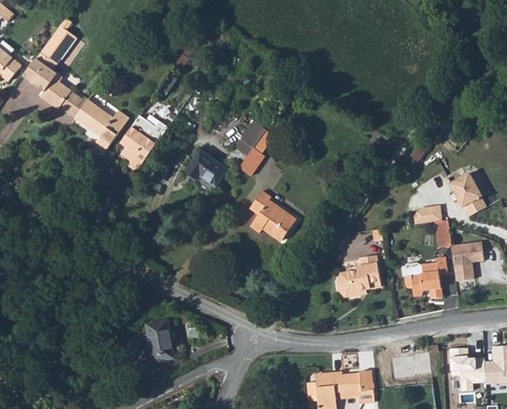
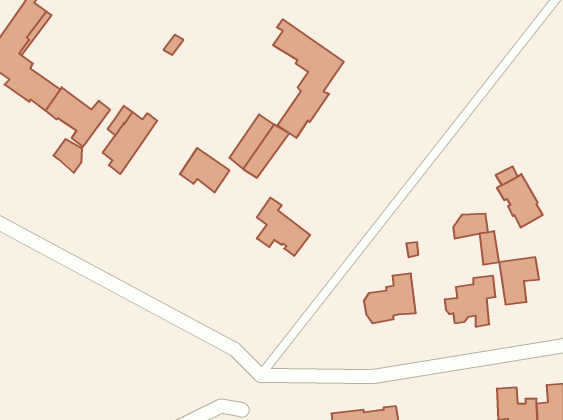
building: none -> [273,19,344,138]
building: none -> [53,139,82,173]
building: [152,318,178,360] -> none

